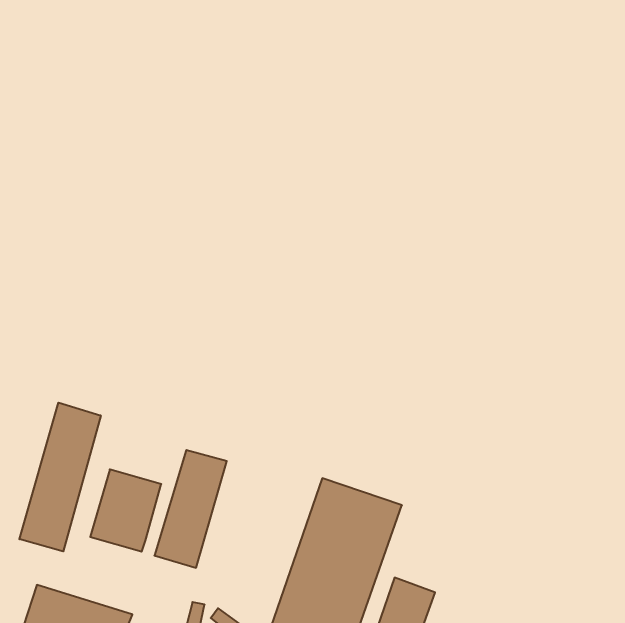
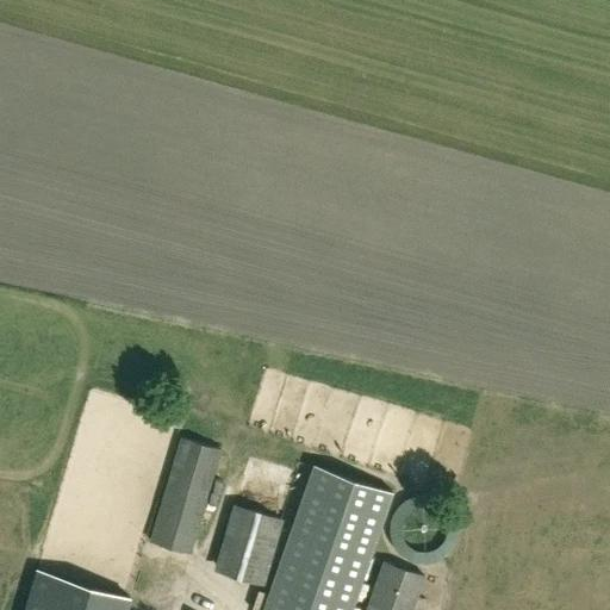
building: [19,403,101,551] -> none
building: [90,469,161,552] -> [213,508,282,587]

